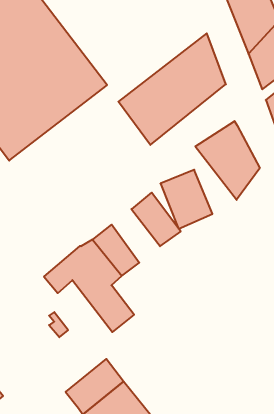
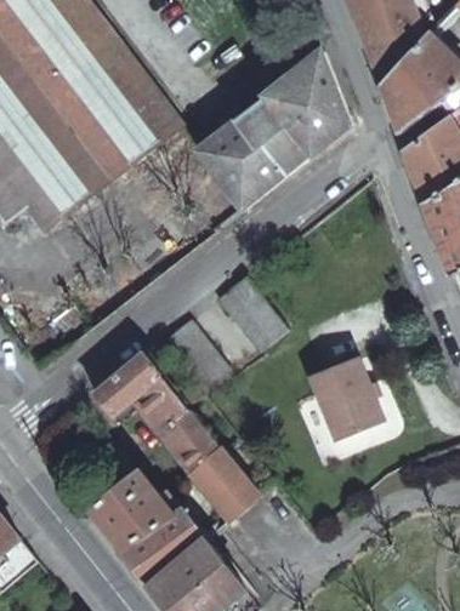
building: [195,121,260,200] -> none
building: [160,170,212,229] -> [308,356,381,439]
building: none -> [189,446,256,520]
building: none -> [89,464,181,554]

